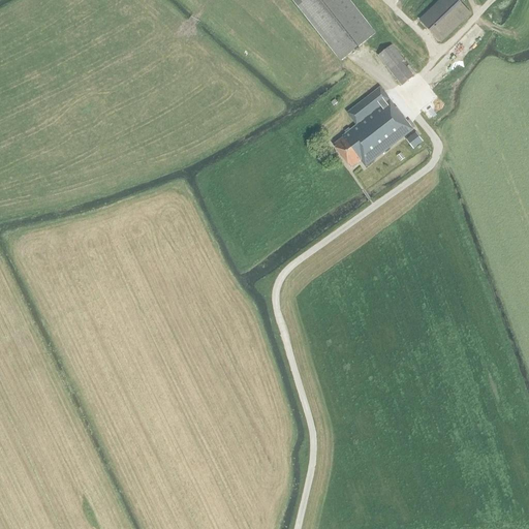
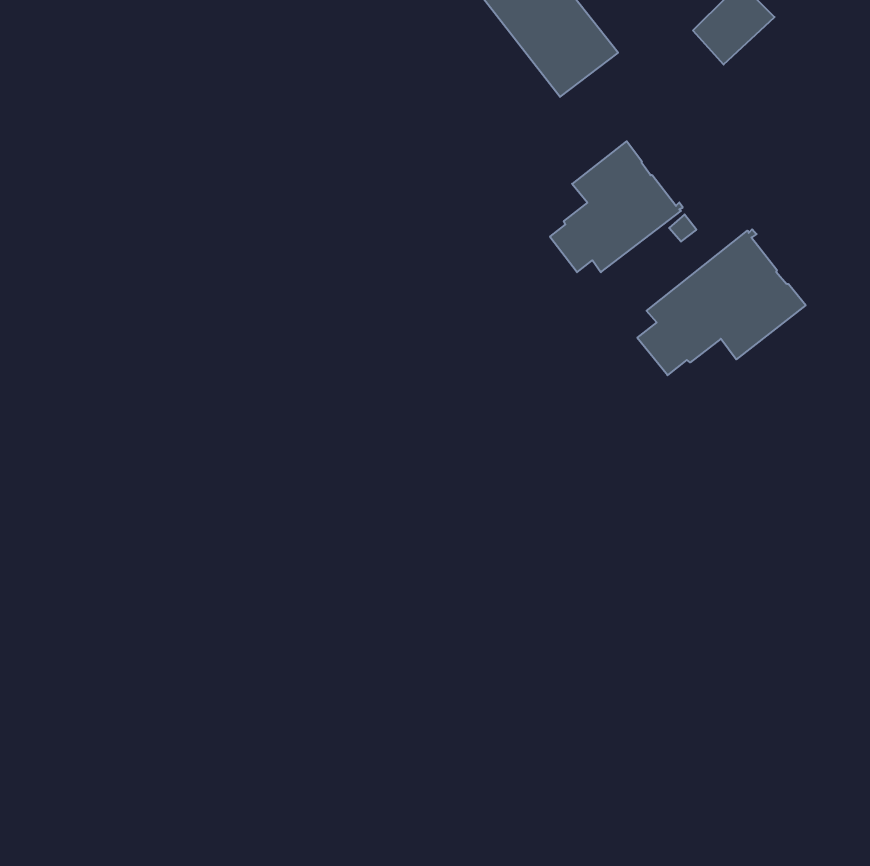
building: [378,43,412,84] -> none
building: none -> [637,229,806,375]

